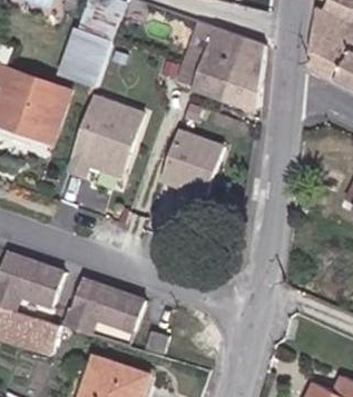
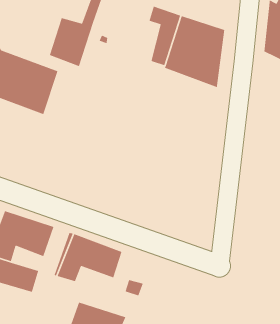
building: [65,97,143,178] -> none
building: [161,131,224,196] -> none

